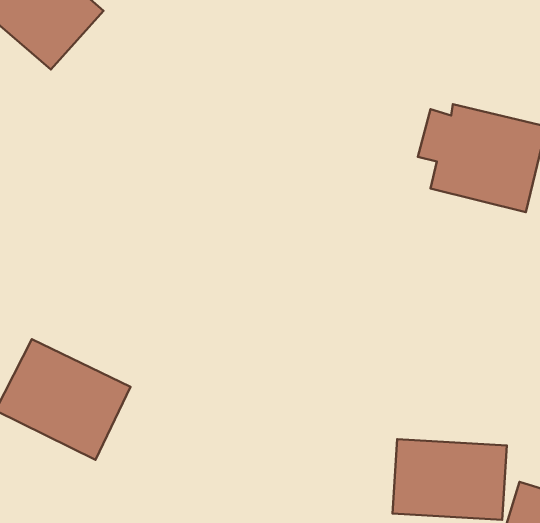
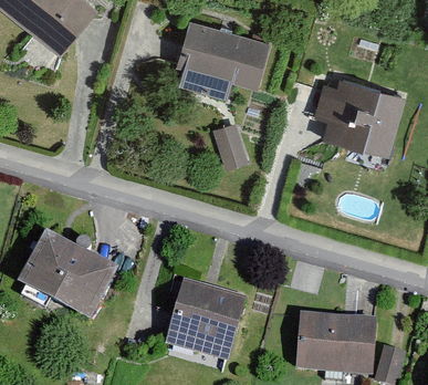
building: none -> [175,22,269,96]
building: none -> [212,118,249,166]
building: none -> [168,283,244,362]

